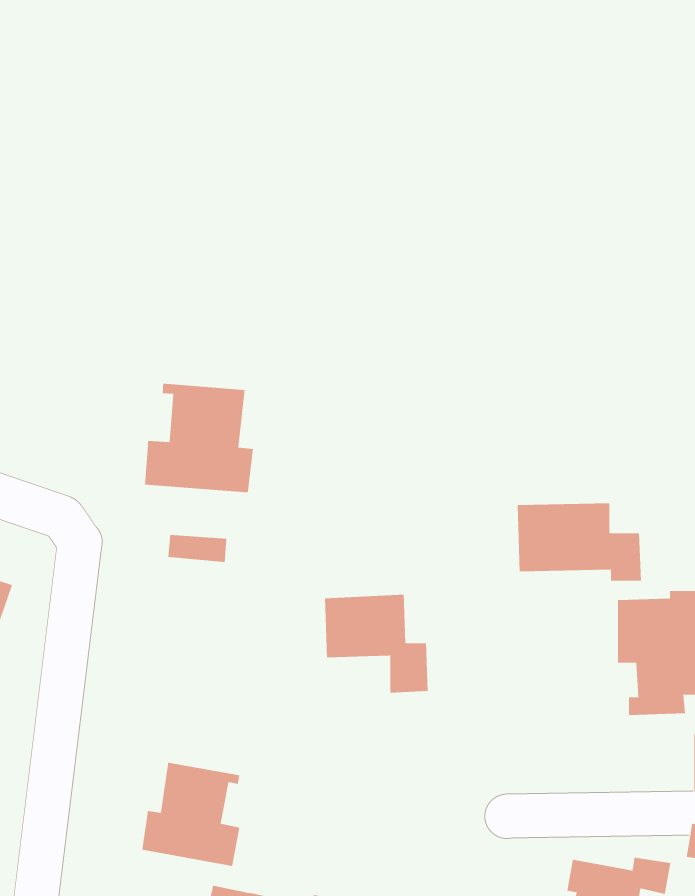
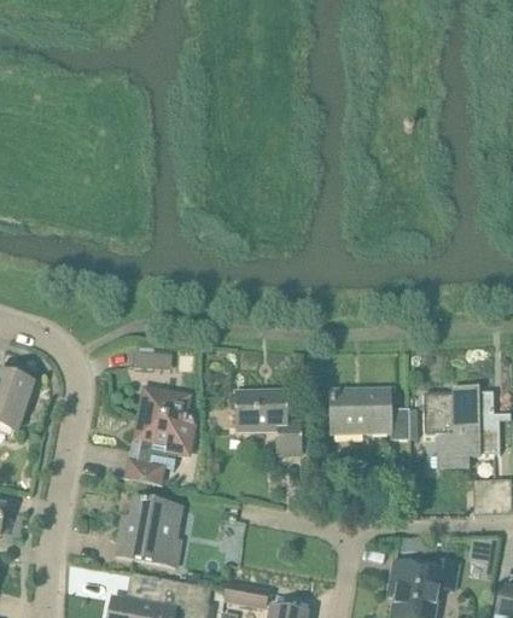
building: [145,383,253,493] -> none
building: [517,503,642,581] -> [330,387,410,438]
building: none -> [126,392,193,484]

